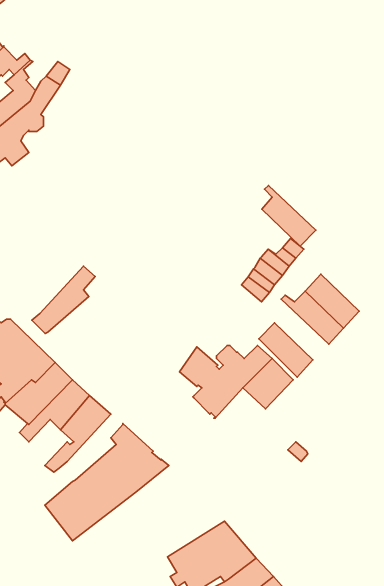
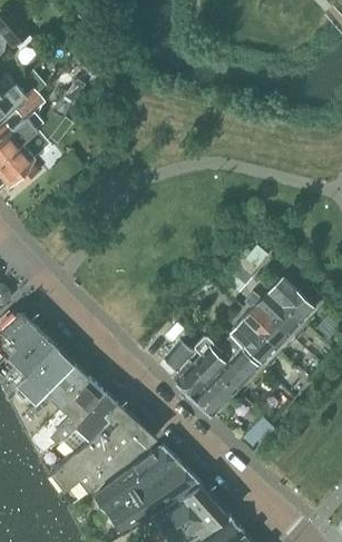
building: [262,185,316,246] -> [244,298,290,349]
building: [32,266,95,333] -> [62,395,116,452]
building: none -> [194,373,236,416]
building: none -> [95,445,202,535]

